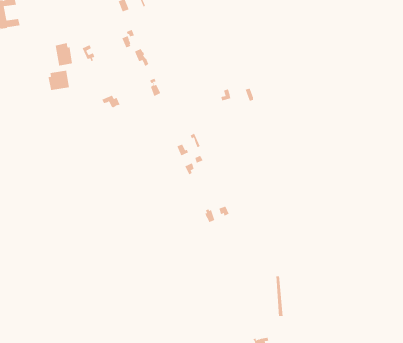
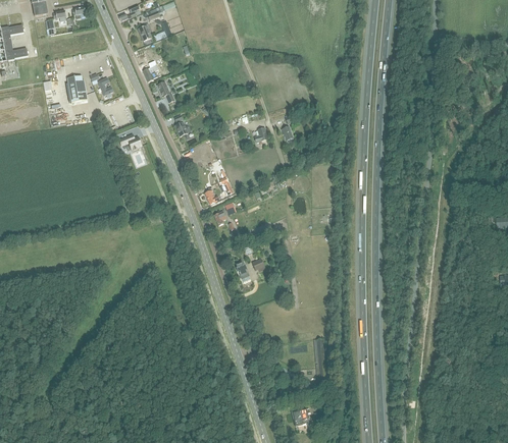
building: [48,70,70,91] -> none

